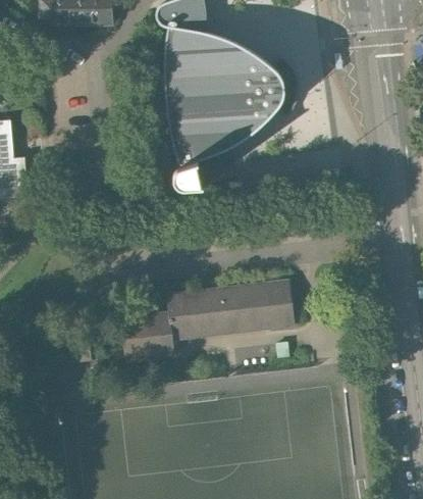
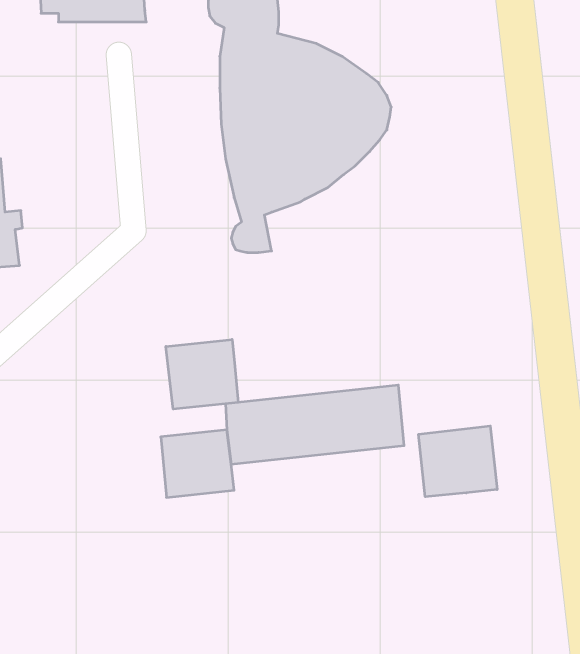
building: none -> [166,339,238,409]
building: none -> [419,426,497,497]

